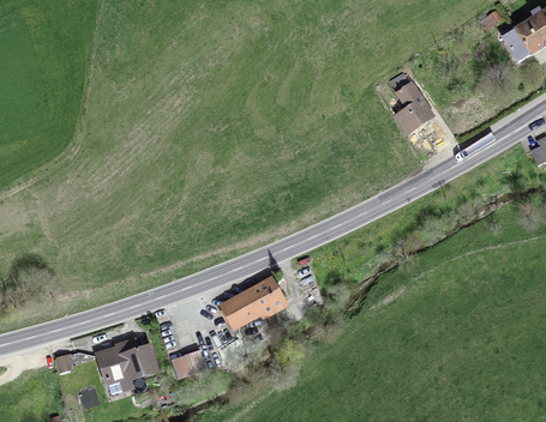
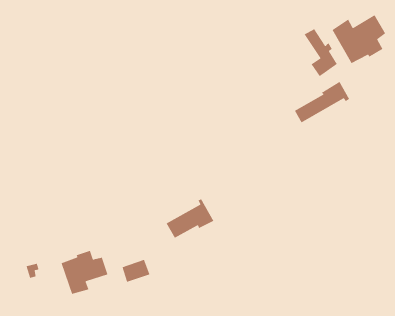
building: none -> [331,14,386,64]
building: none -> [294,81,350,123]

